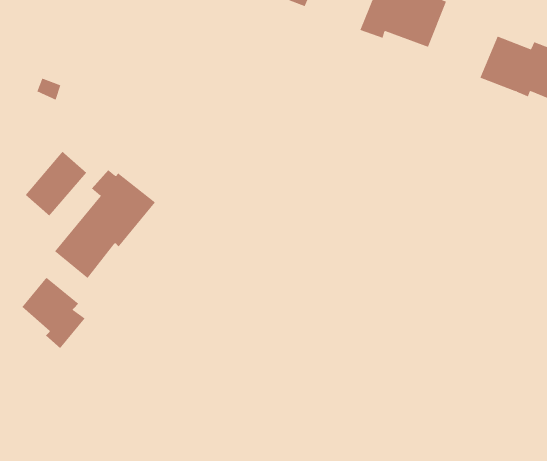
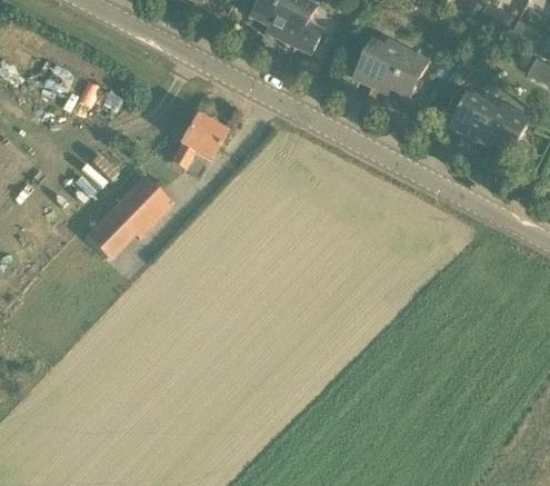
building: none -> [170,115,227,169]
building: [21,277,85,349] -> none

